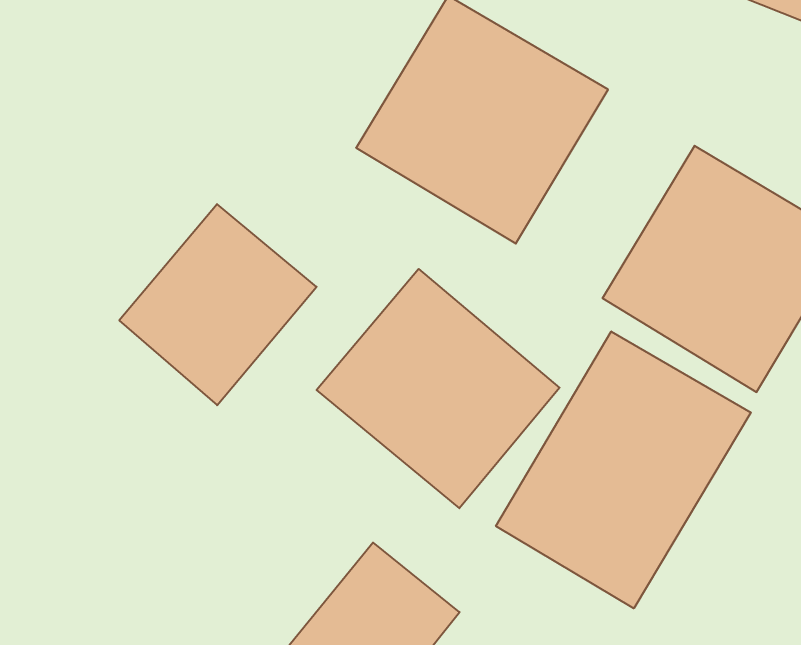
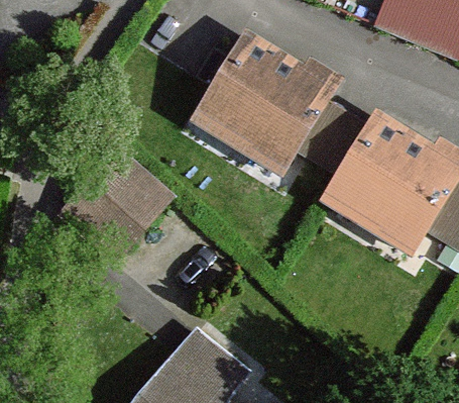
building: [317,269,560,508] -> none
building: [496,331,751,608] -> none

